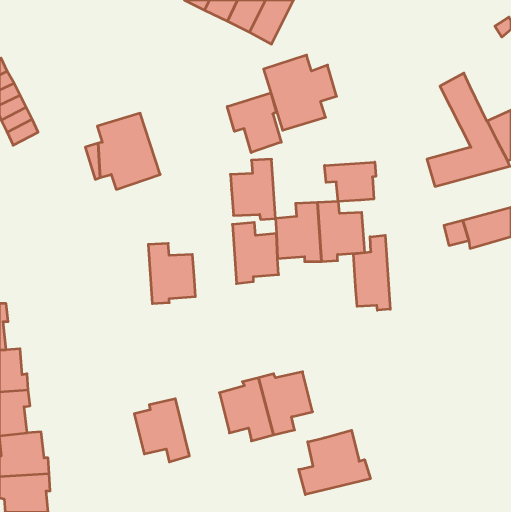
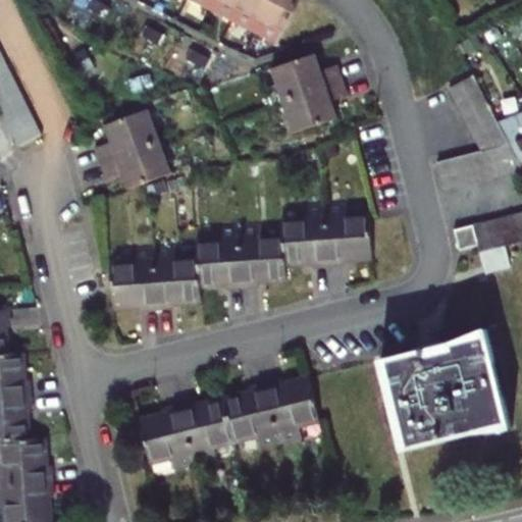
building: [227,93,281,153] -> none
building: [230,159,276,219] -> [195,228,241,290]
building: [325,162,376,201] -> none
building: [354,235,390,310] -> none
building: none -> [108,249,155,311]
building: none -> [385,334,508,449]
building: none -> [178,399,233,464]
building: [299,430,370,495] -> none

